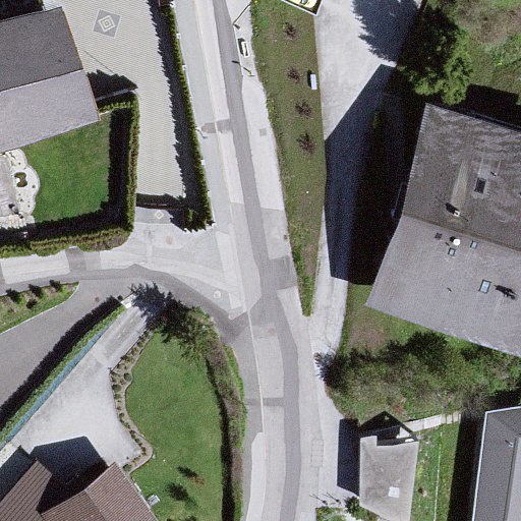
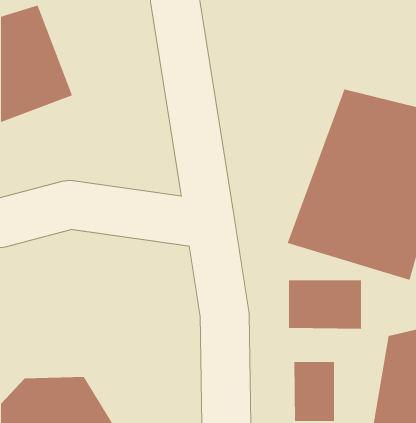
building: none -> [288,280,361,329]

